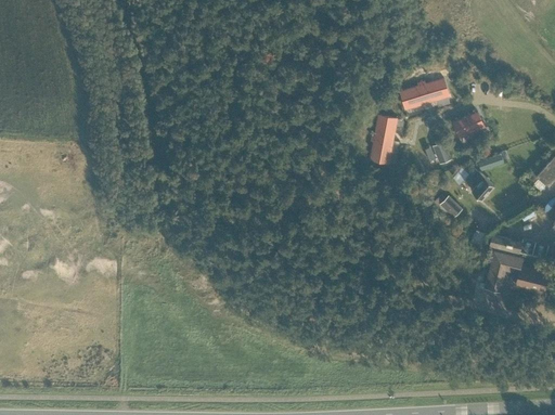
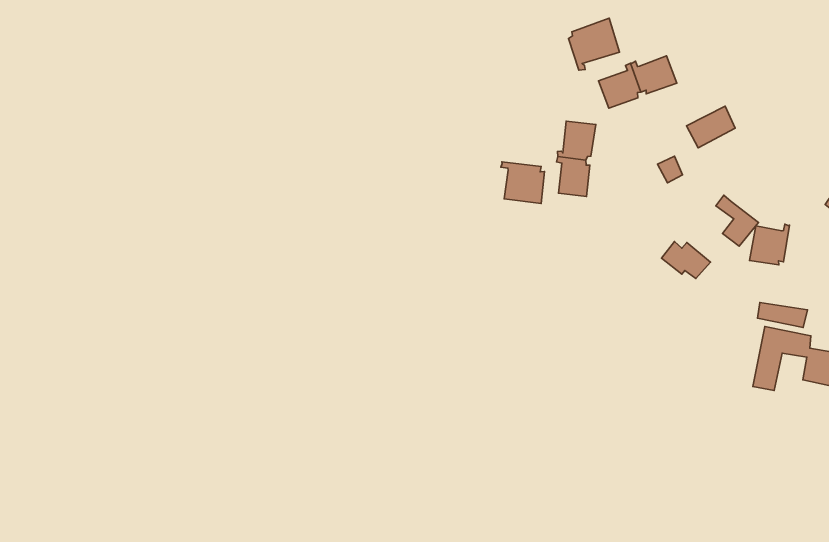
building: none -> [568,18,620,70]
building: none -> [501,162,544,204]
building: none -> [750,224,790,265]

